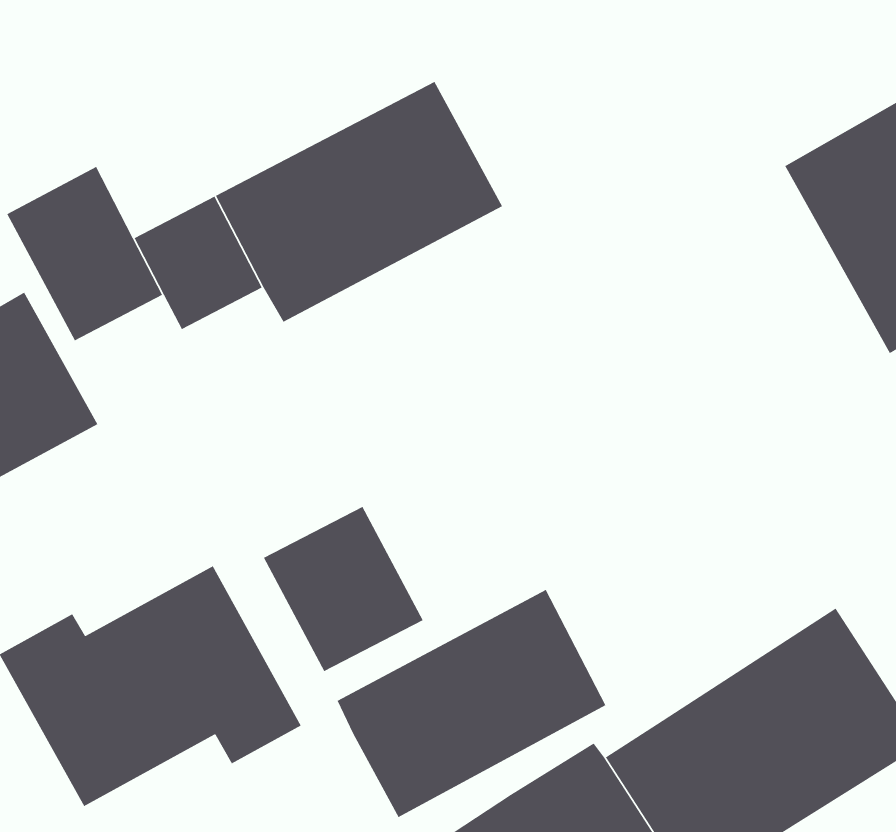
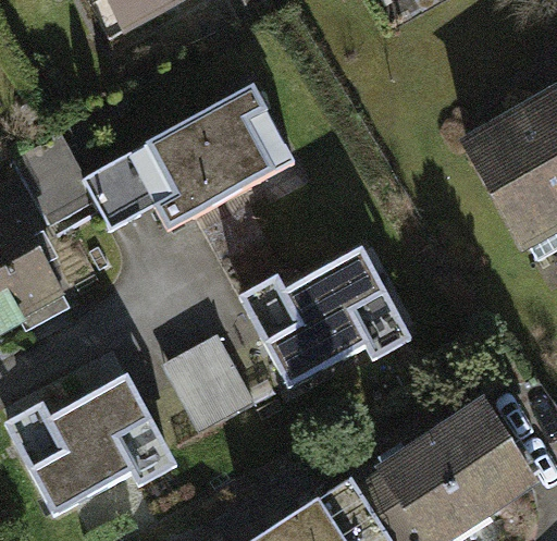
building: none -> [239,245,418,386]
building: [336,589,606,818] -> none

